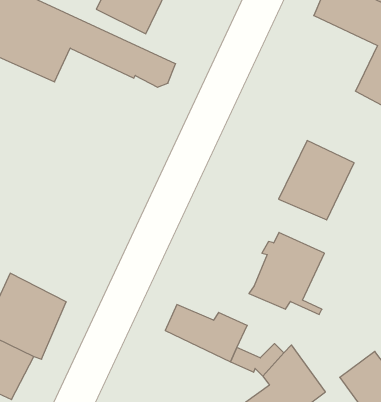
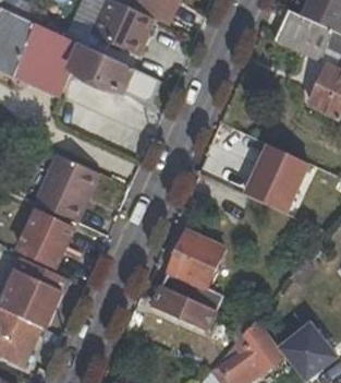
building: none -> [33,153,96,223]
building: none -> [17,212,71,266]
building: [249,232,324,314] -> [159,231,222,300]

